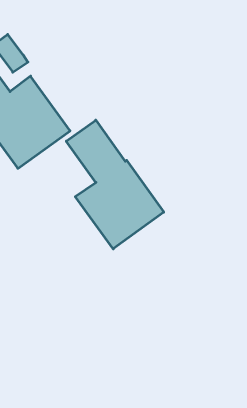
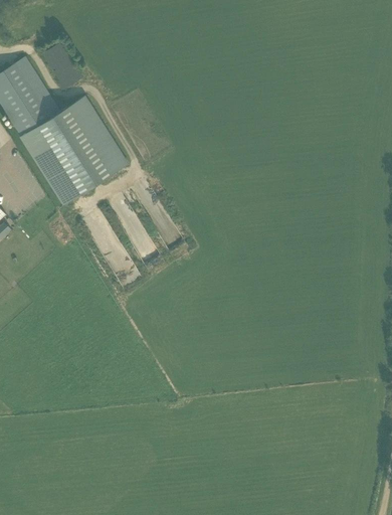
building: [66,120,164,249] -> none

